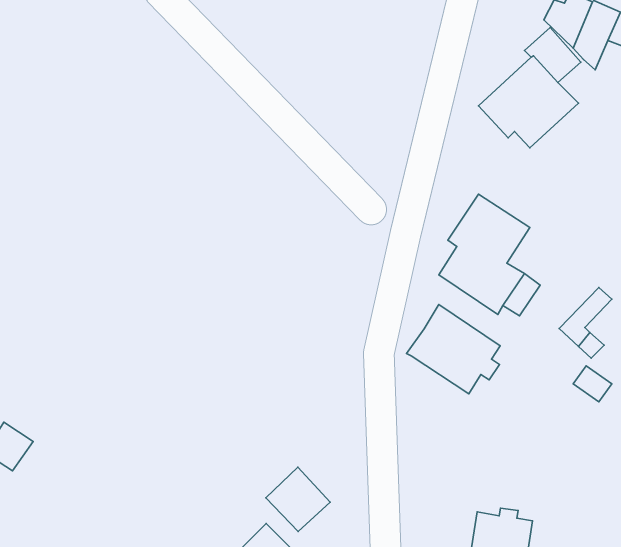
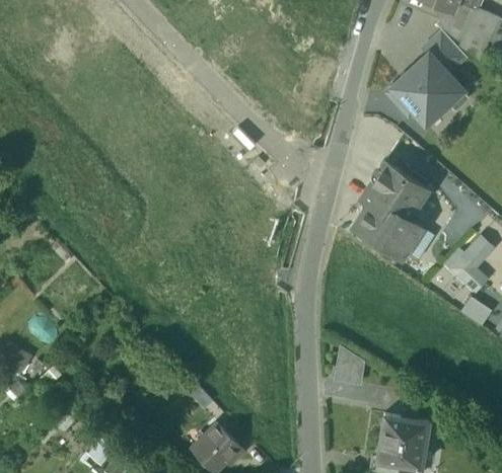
building: [407,305,500,394] -> none
building: none -> [334,345,366,386]
building: [266,467,330,532] -> none

